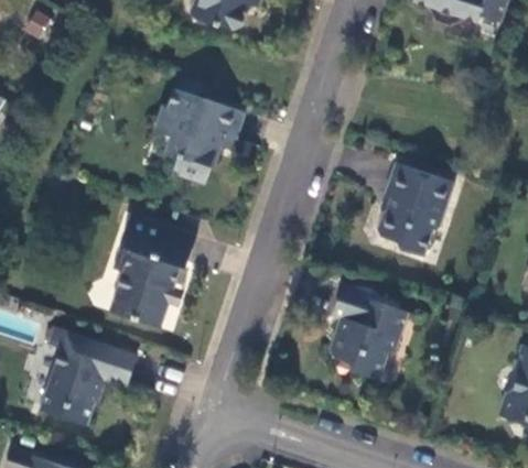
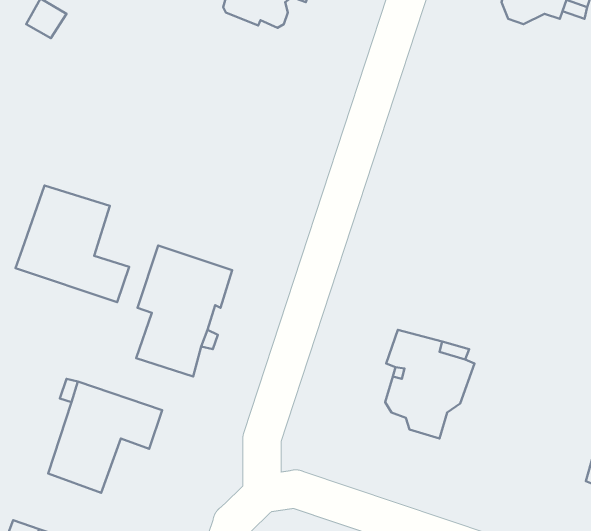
building: [158,88,247,183] -> none
building: [374,162,452,252] -> none
building: none -> [15,185,129,302]

